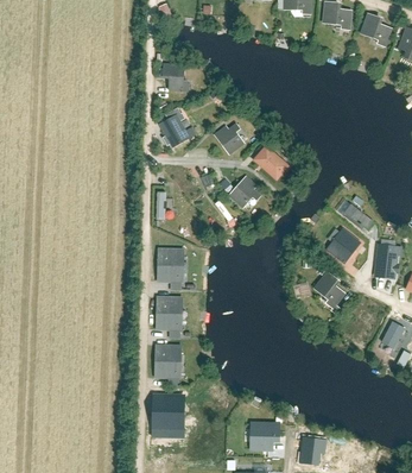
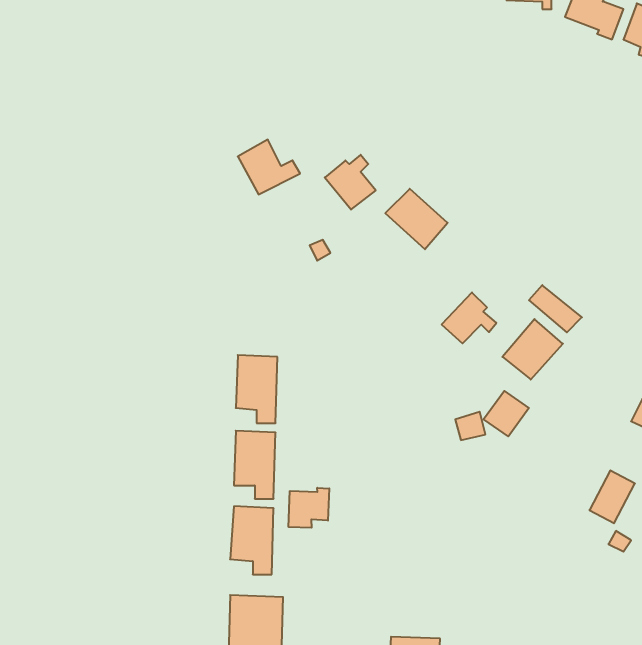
building: [163,63,188,90] -> none
building: [226,175,260,207] -> [442,292,496,343]
building: [375,245,401,279] -> none
building: none -> [289,488,329,528]

